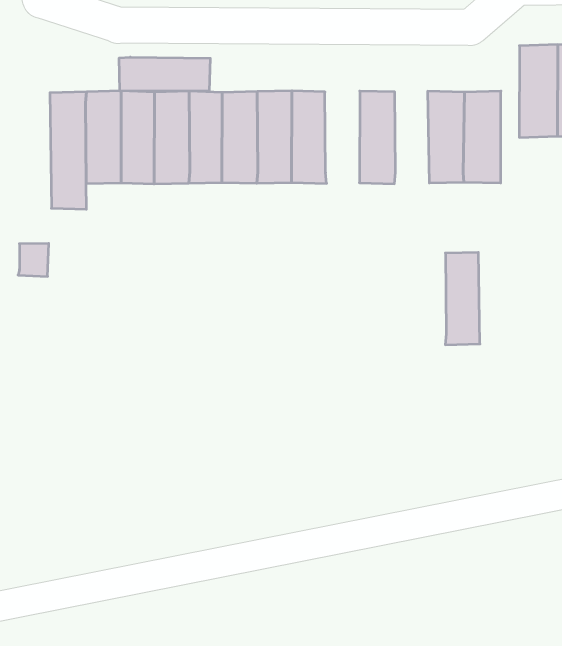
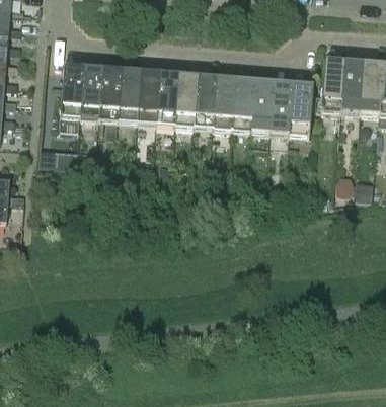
building: [119,57,210,91] -> none
building: none -> [211,75,233,127]
building: [445,252,480,345] -> [248,78,271,130]

